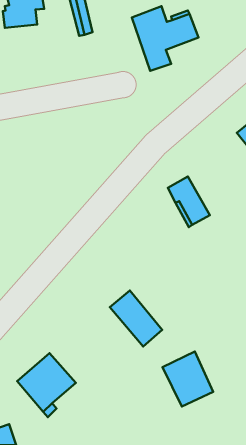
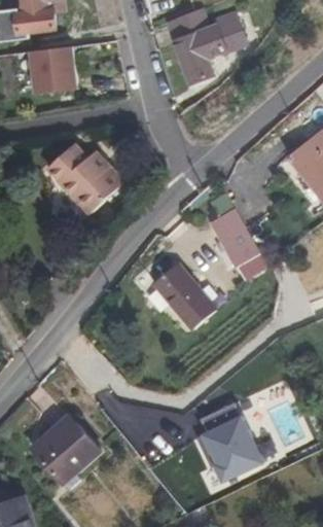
building: none -> [31,45,76,93]
building: none -> [47,144,122,213]
building: [110,291,162,347] -> [153,264,215,329]

